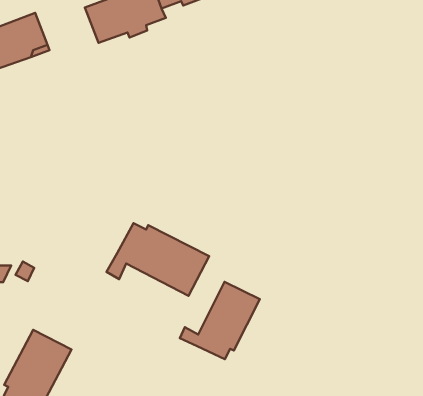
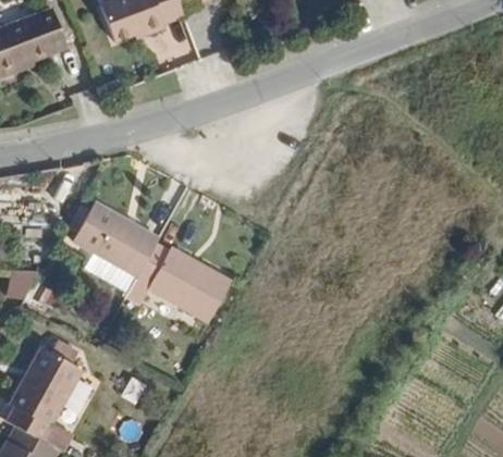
building: none -> [58,192,149,267]
building: [180,282,260,359] -> none

